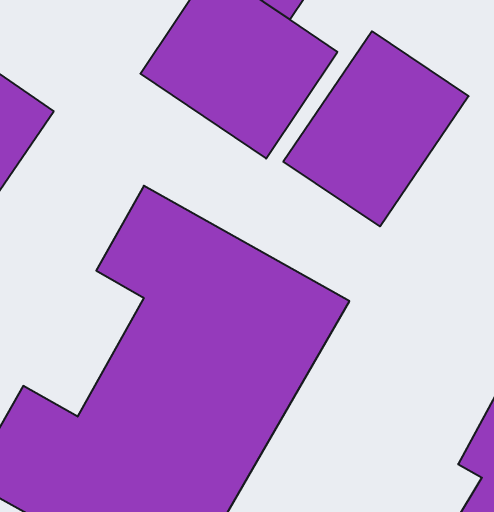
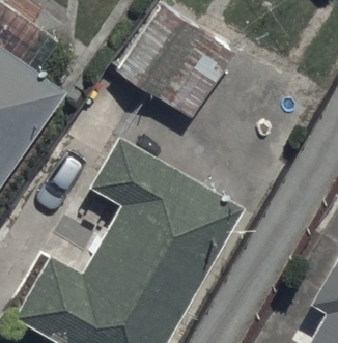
building: [283,31,469,226] -> none

